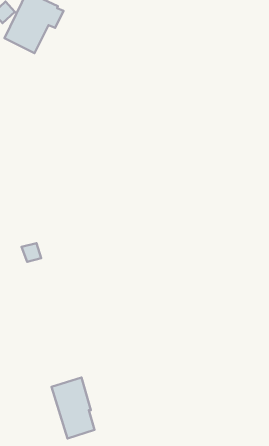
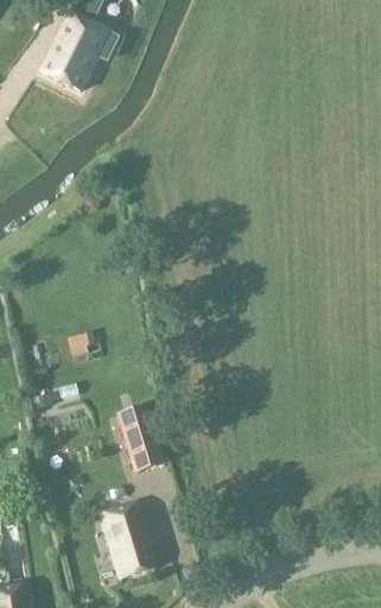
building: none -> [120,405,165,469]

